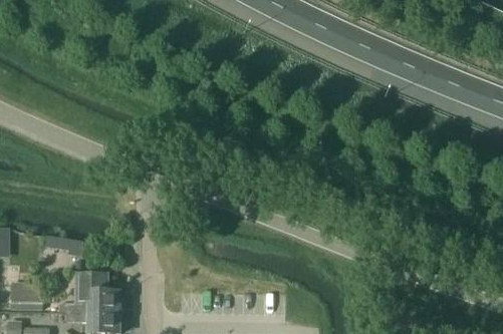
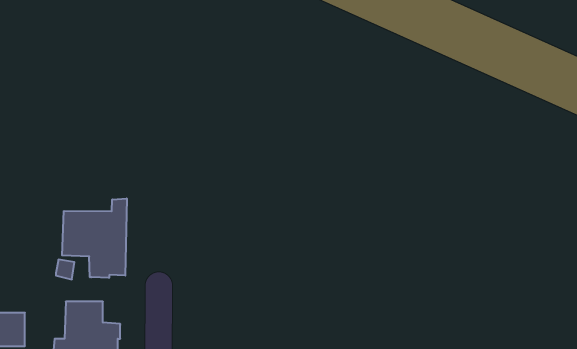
building: none -> [62,198,127,278]

